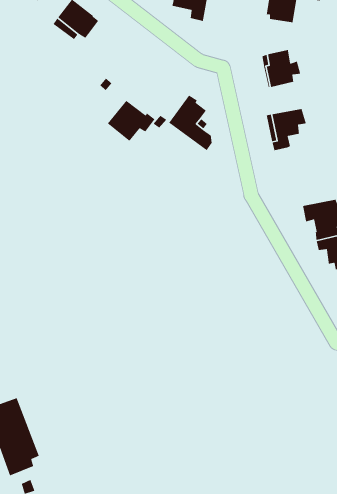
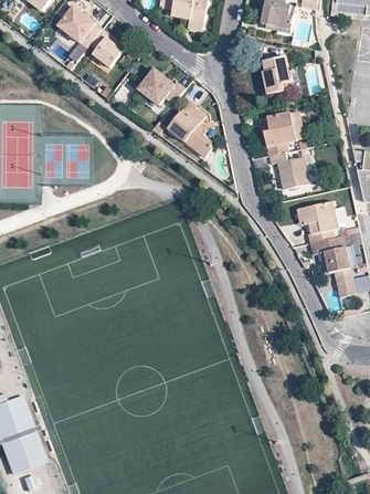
building: none -> [89,28,121,65]
building: [107,100,156,142] -> [136,67,183,108]
building: none -> [269,151,307,188]

